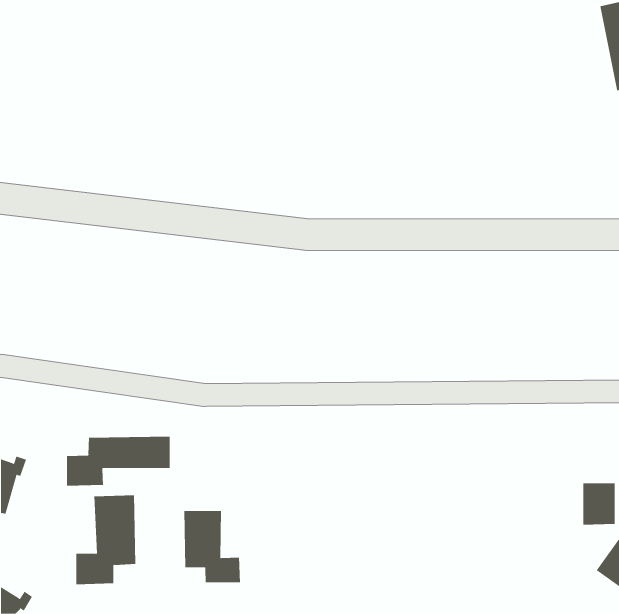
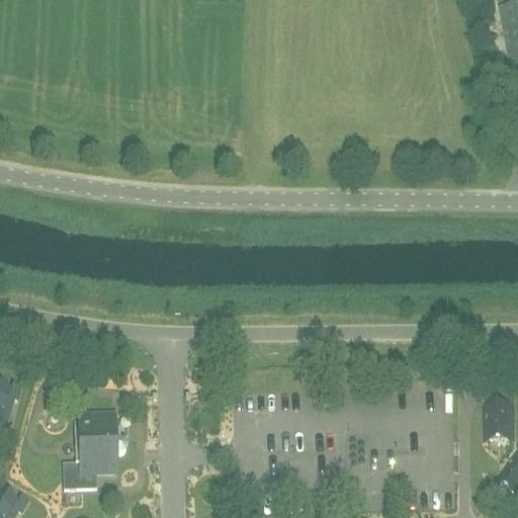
building: [66,436,170,487] -> none
building: [184,510,241,583] -> none

